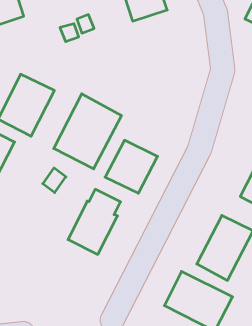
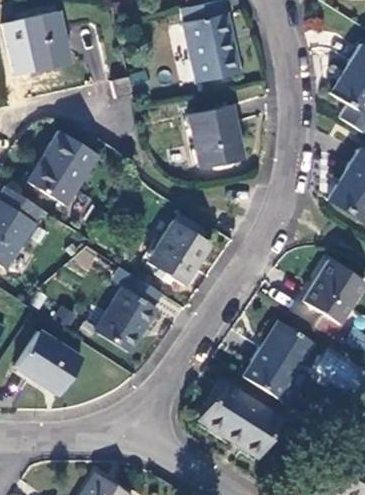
building: none -> [190,106,242,167]
building: [54,94,121,169] -> none
building: none -> [16,330,82,394]

